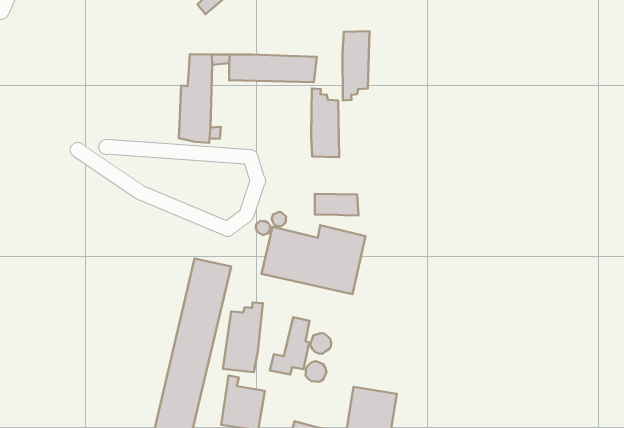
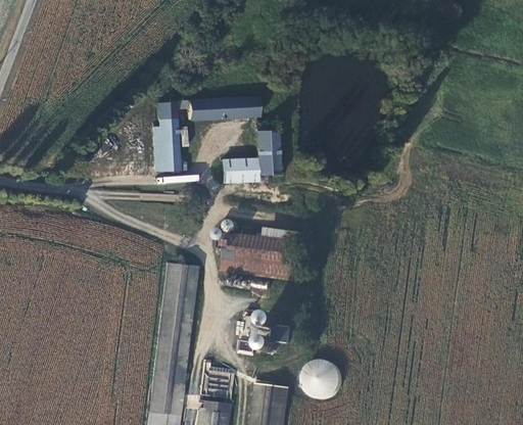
building: [343,31,369,100] -> none
building: [315,194,358,216] -> [223,160,258,179]
building: [223,302,263,372] -> none

